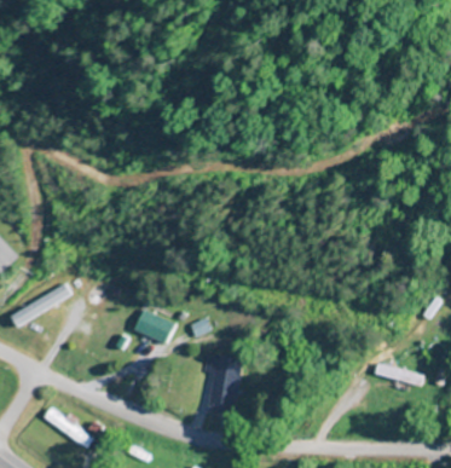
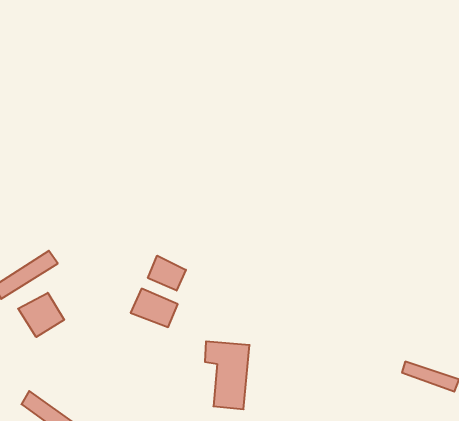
building: none -> [148,256,186,291]
building: none -> [18,293,64,337]

